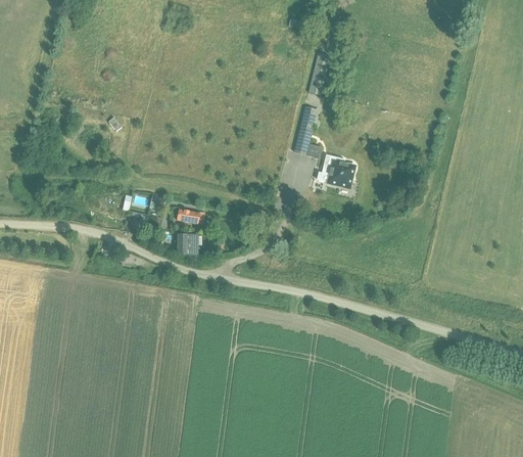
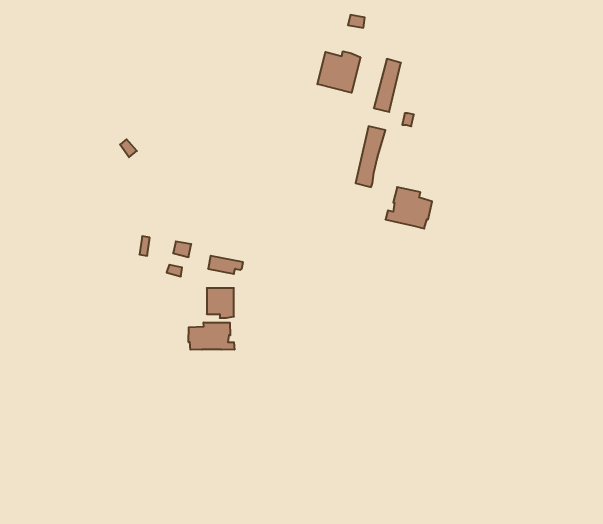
building: none -> [317,51,360,93]
building: none -> [188,322,234,350]

